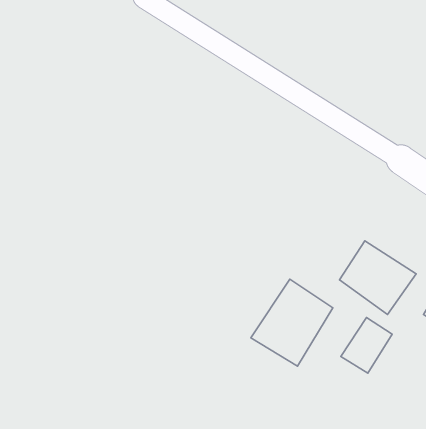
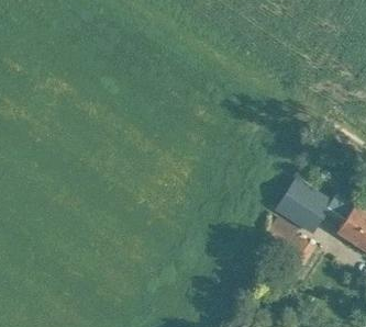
building: [251,279,333,366] -> none

